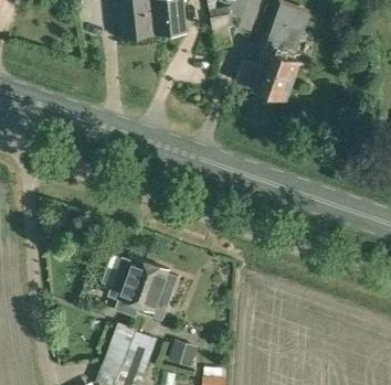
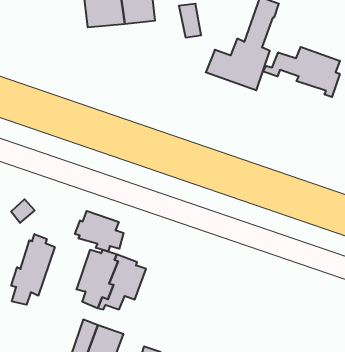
building: none -> [263,47,340,97]
building: none -> [75,211,124,252]
building: none -> [11,234,55,305]

